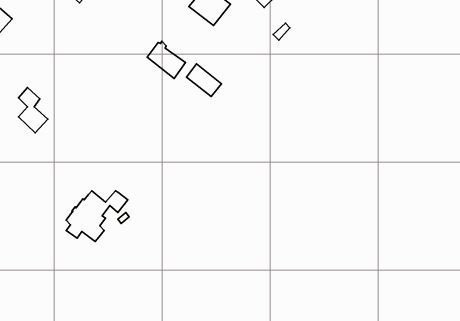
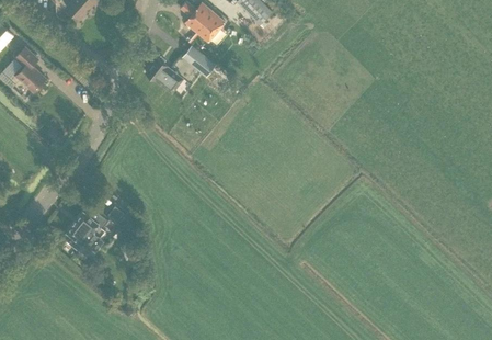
building: [186,64,221,96] -> [181,45,215,77]
building: [18,88,48,133] -> [15,47,44,91]

